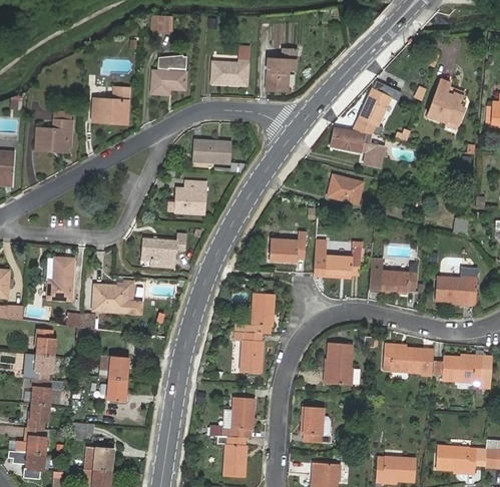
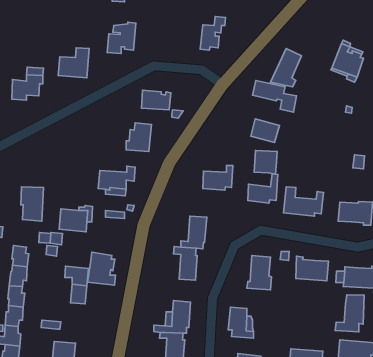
building: [211,61,247,84] -> none
building: none -> [254,150,277,174]
building: none -> [88,252,115,285]
building: none -> [335,295,364,332]

